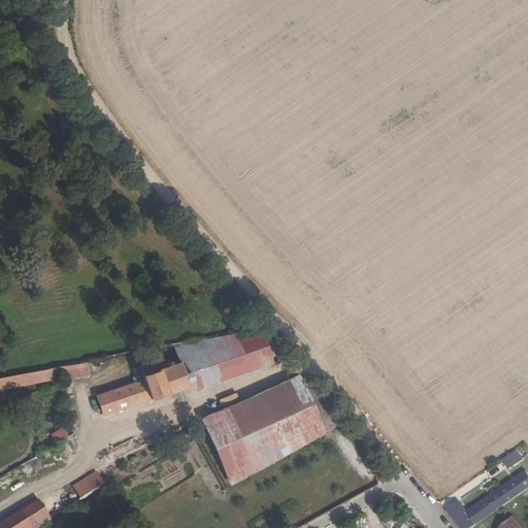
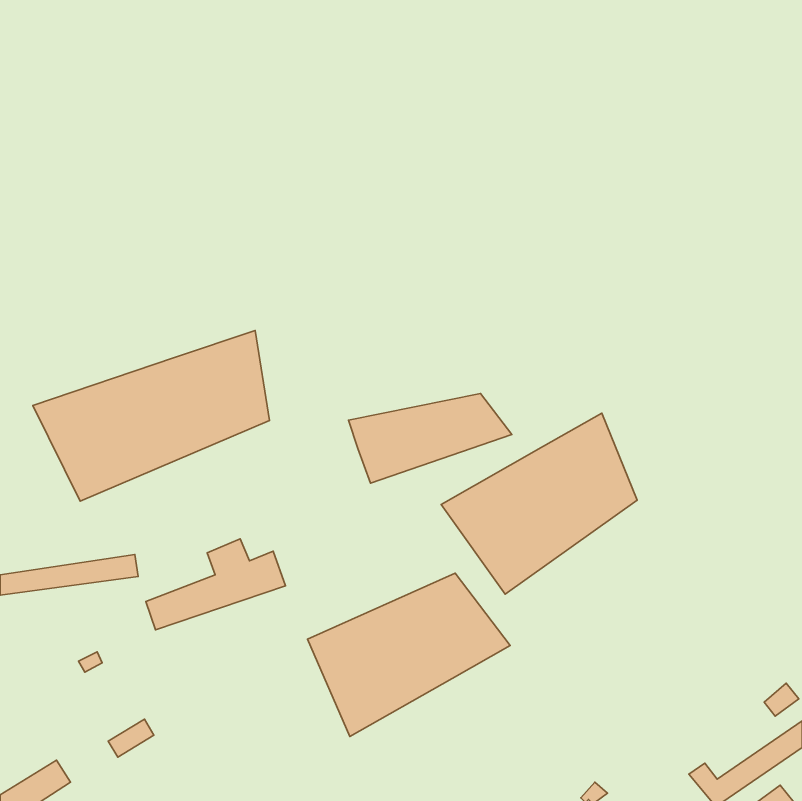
building: none -> [33,330,269,501]
building: none -> [441,413,637,594]
building: [173,327,280,386] -> [349,394,512,483]

